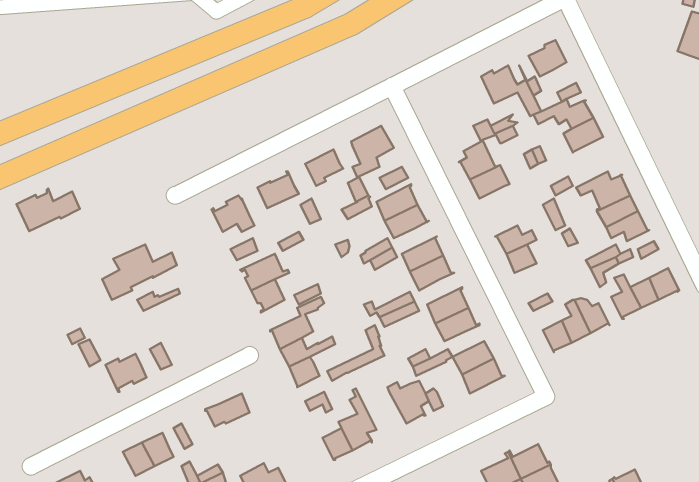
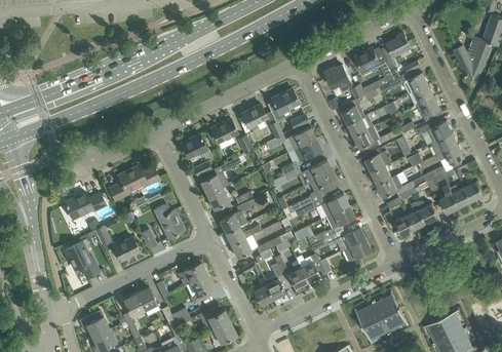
building: none -> [455,37,491,81]
building: none -> [324,65,352,90]
building: none -> [416,95,440,122]
building: none -> [354,127,401,149]
building: [17,188,80,231] -> [64,191,105,219]
building: none -> [377,174,420,196]
building: none -> [154,204,184,237]
building: none -> [65,242,99,277]
building: none -> [269,247,307,288]
building: none -> [190,274,213,304]

